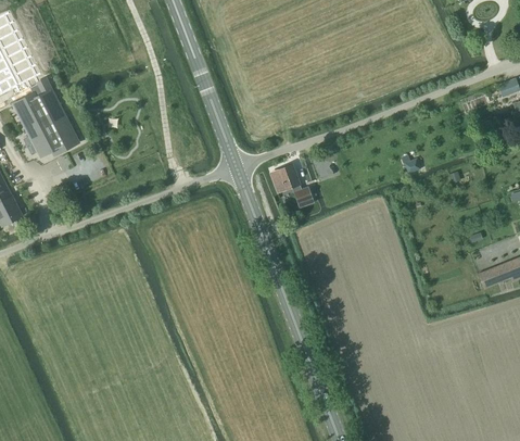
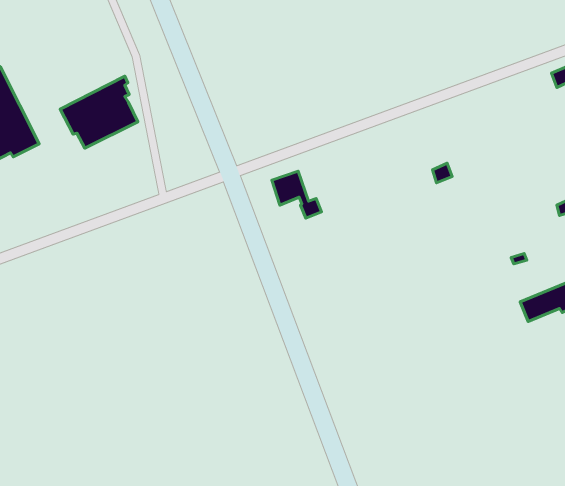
building: none -> [60,76,138,148]

